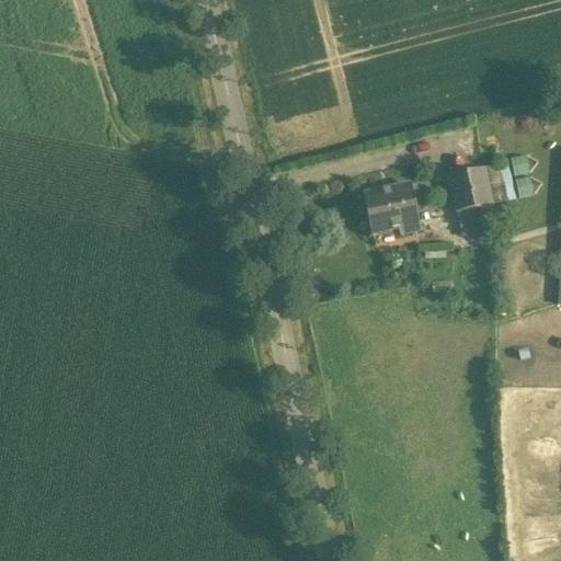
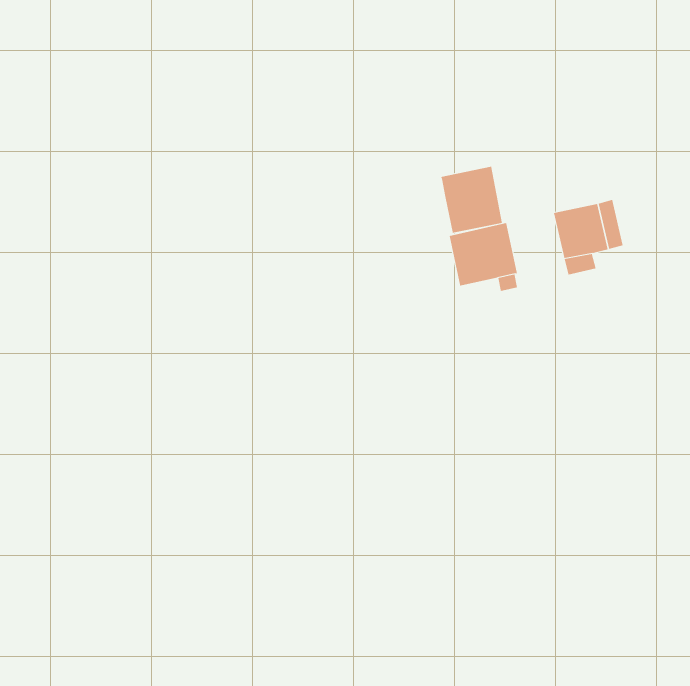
building: none -> [440,166,502,234]

